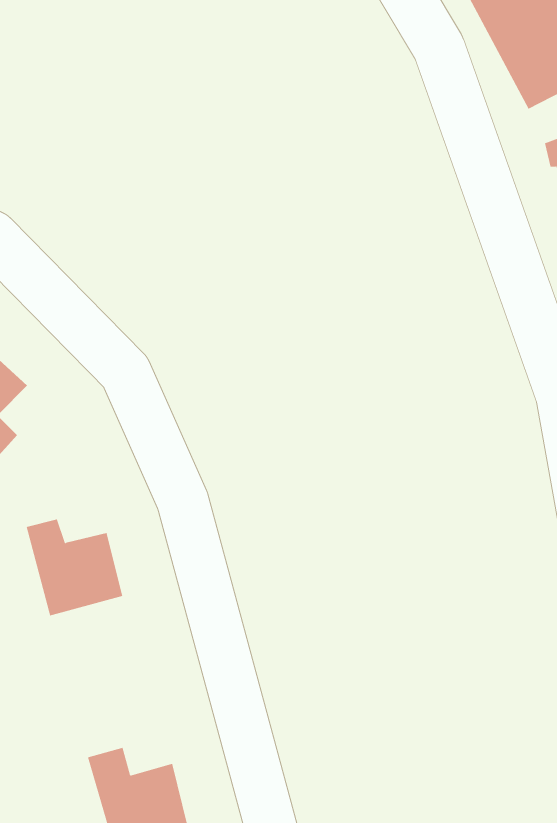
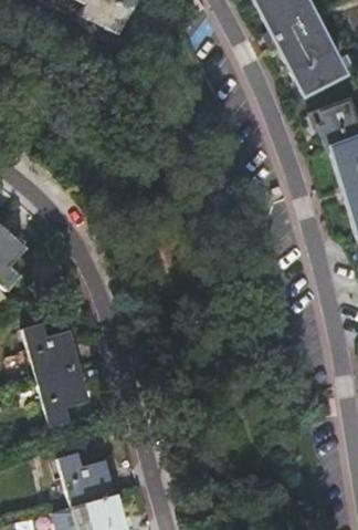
building: none -> [39,366,90,426]

